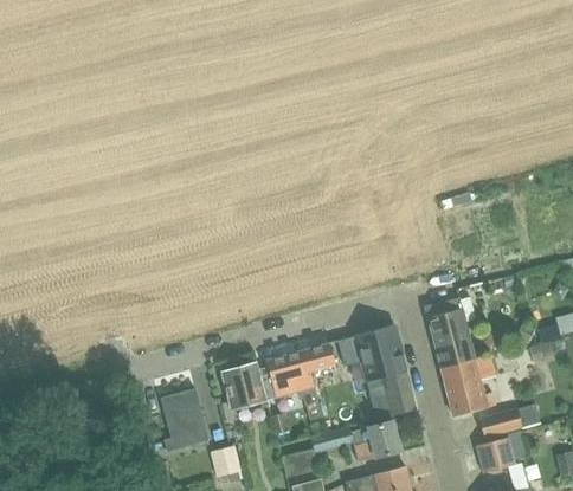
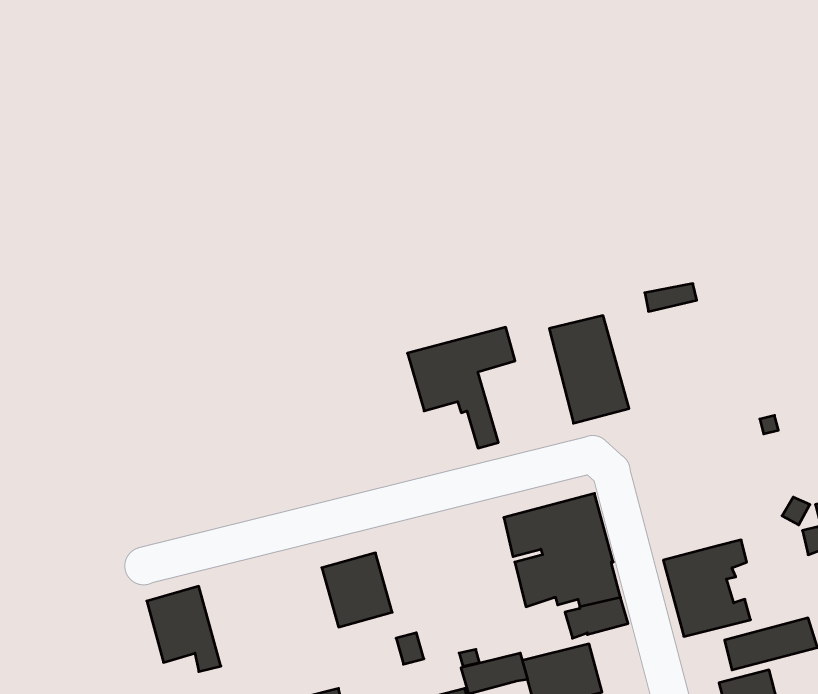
building: [424,299,475,368] -> [549,316,629,423]
building: [265,344,334,421] -> [407,327,515,448]
building: [161,389,208,444] -> [147,586,221,672]

